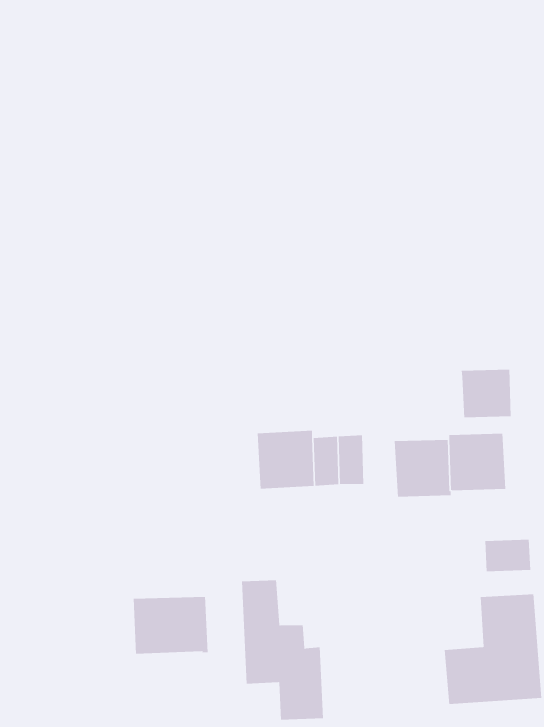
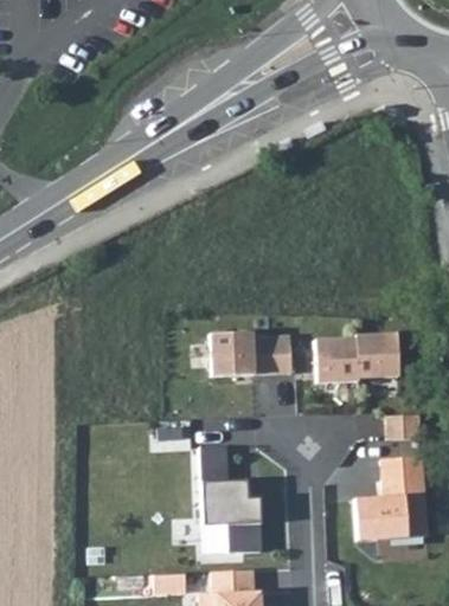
building: [461,369,511,418] -> none
building: [133,596,208,655] -> none

